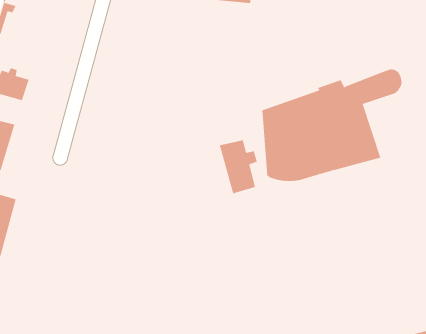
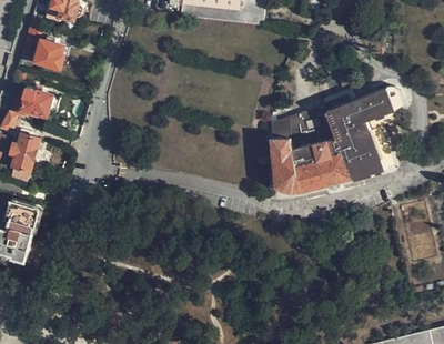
building: none -> [33,37,63,69]
building: [219,139,258,194] -> none

